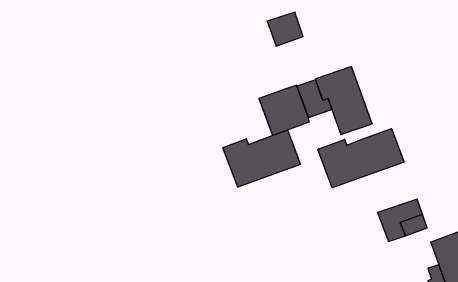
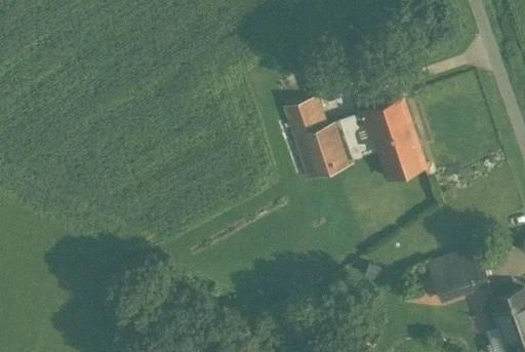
building: [267,12,303,46] -> [286,99,327,138]
building: [318,129,404,188] -> none
building: [223,130,301,187] -> none

